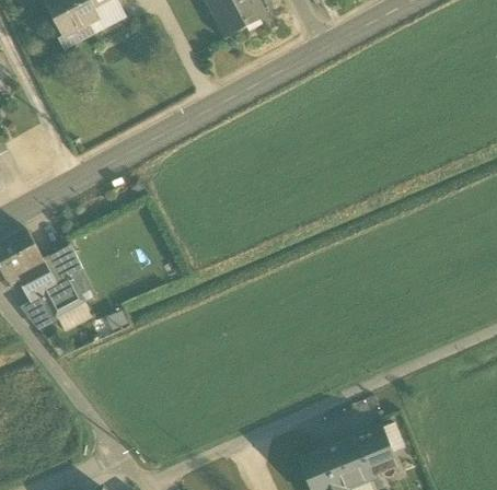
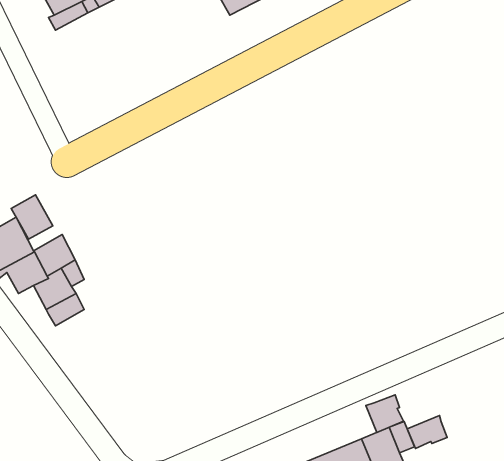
building: none -> [11,195,53,239]
building: [20,293,57,329] -> none
building: none -> [366,395,403,432]
building: none -> [407,416,447,449]

